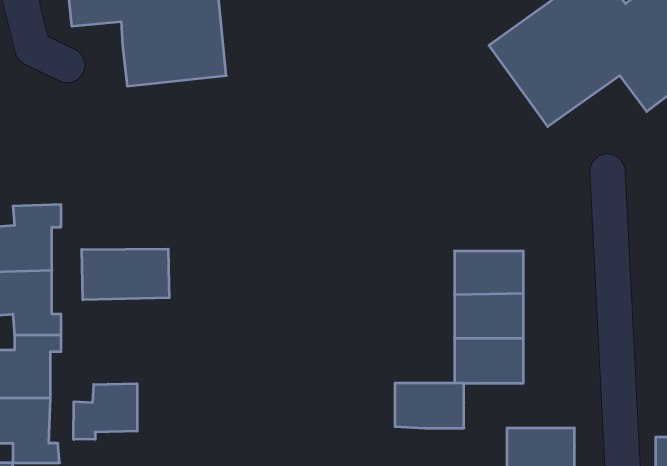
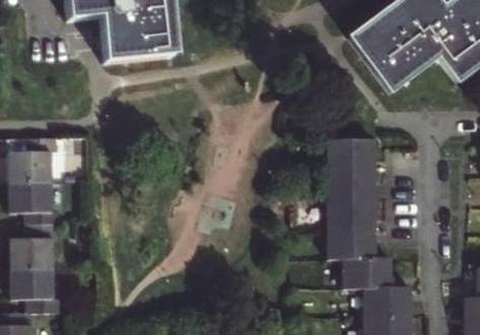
building: none -> [328,144,374,172]
building: [82,249,169,300] -> none
building: [395,383,464,428] -> [343,261,390,291]
building: [74,384,137,440] -> none

